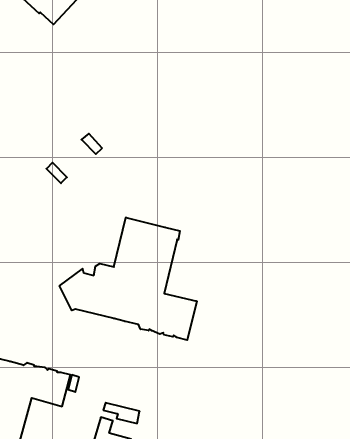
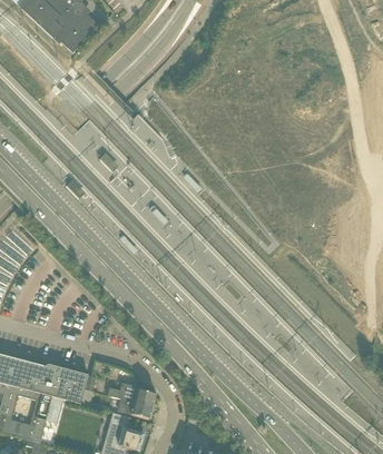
building: [60,217,197,340] -> none
building: none -> [109,382,155,407]

